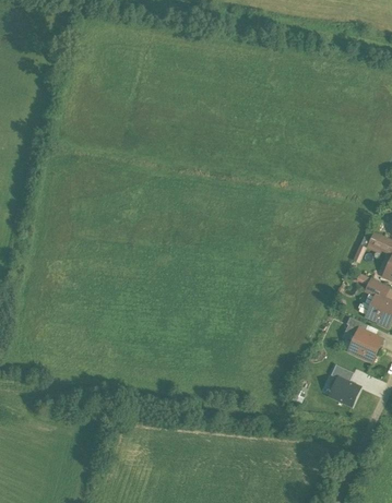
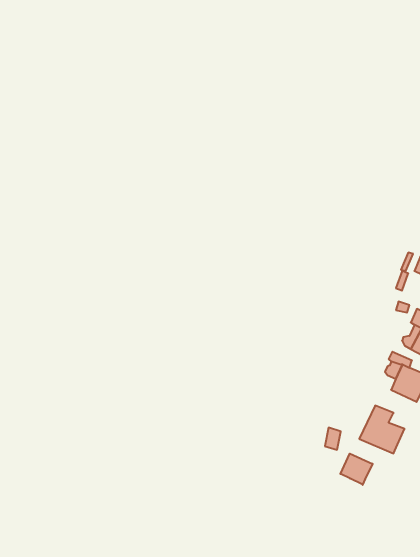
building: none -> [340,454,373,485]

